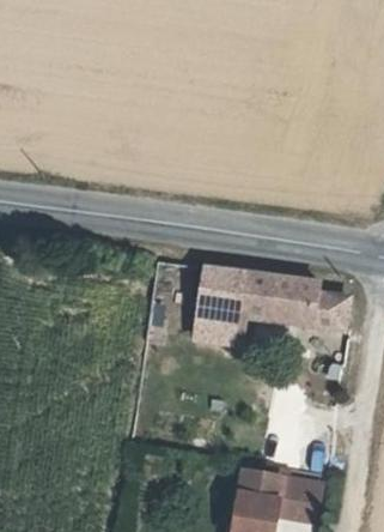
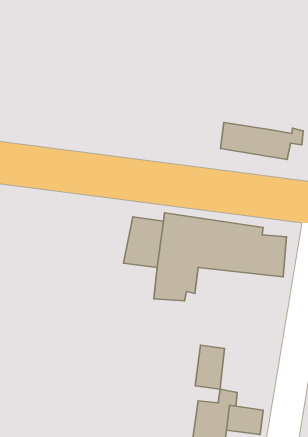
building: none -> [220,123,303,159]
building: none -> [195,345,225,389]

